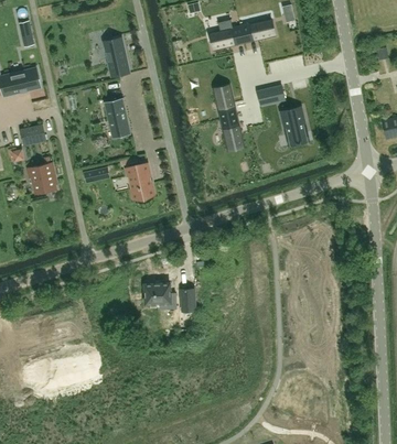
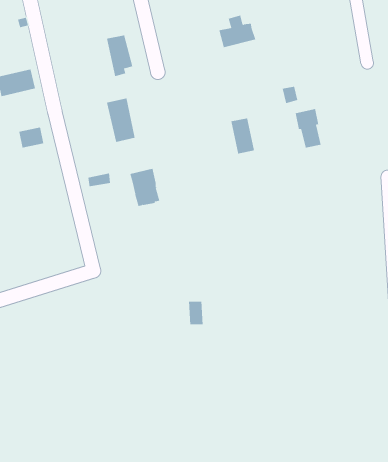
building: [240,19,275,41] -> none
building: [214,85,237,119] -> none
building: [26,162,57,194] -> none
building: [144,283,176,308] -> none

